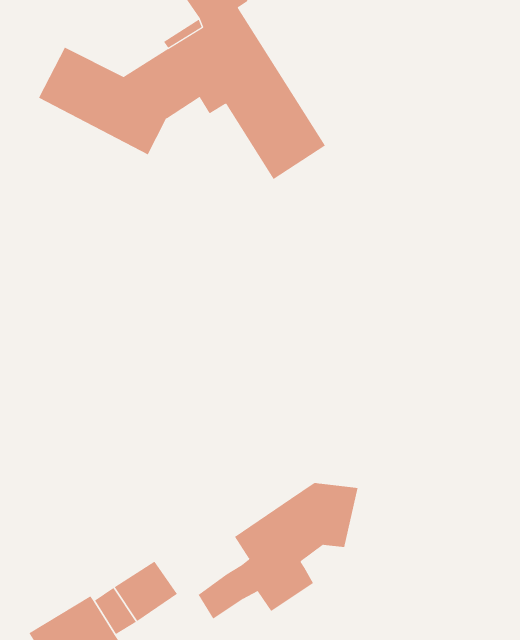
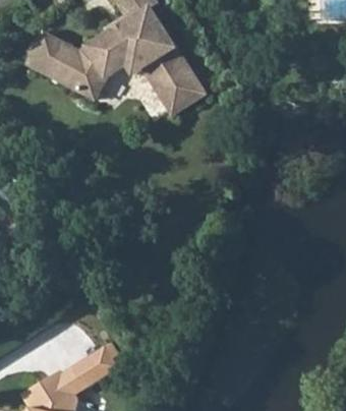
building: [198,482,358,619] -> none

